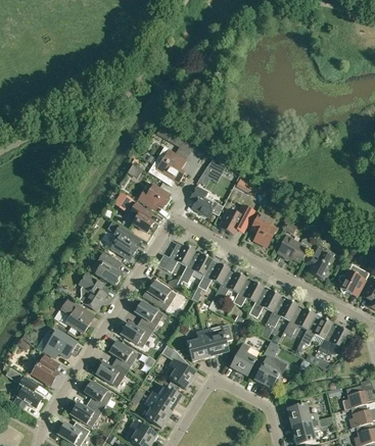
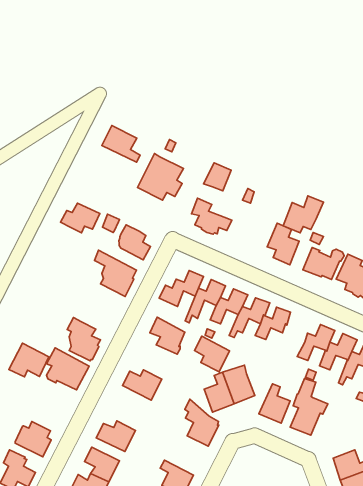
building: none -> [102,126,140,162]
building: [138,185,171,209] -> [60,203,100,233]
building: [220,204,254,234] -> [283,196,323,233]
building: [96,252,122,285] -> none
building: [249,289,281,317] -> none
building: [135,300,163,331] -> [195,336,230,372]
building: [43,330,77,358] -> [9,343,49,377]
building: [109,340,138,370] -> none
building: [149,386,182,411] -> none

